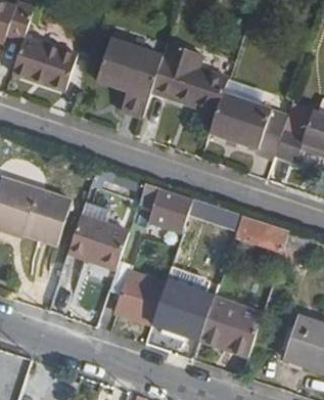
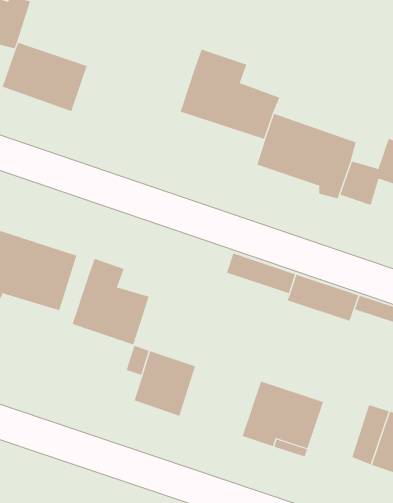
building: [99,37,163,115] -> none
building: [138,183,192,219] -> none
building: [155,280,214,341] -> none

